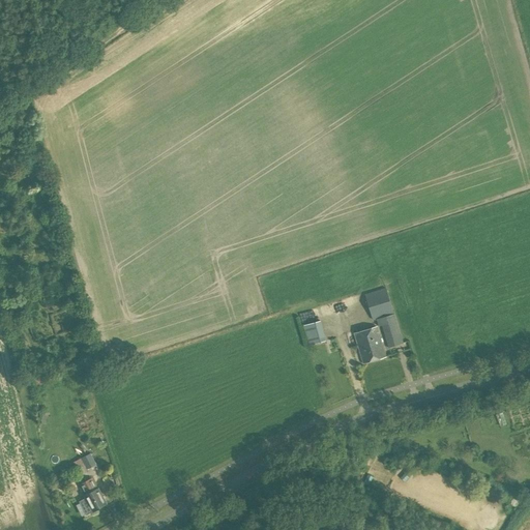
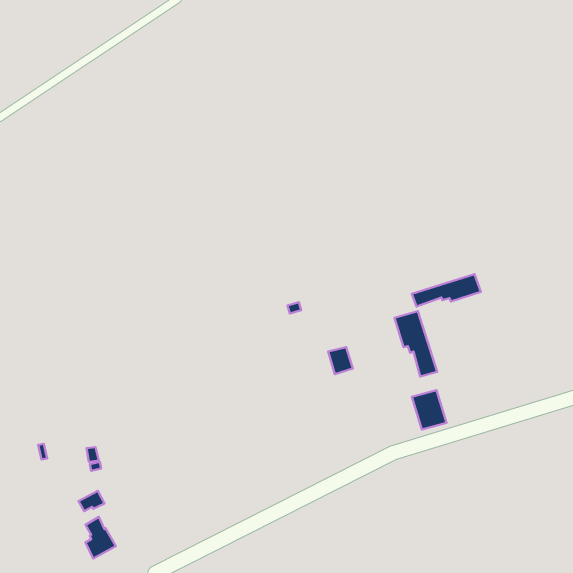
building: none -> [412,274,481,306]
building: [352,326,384,362] -> [412,390,447,430]

